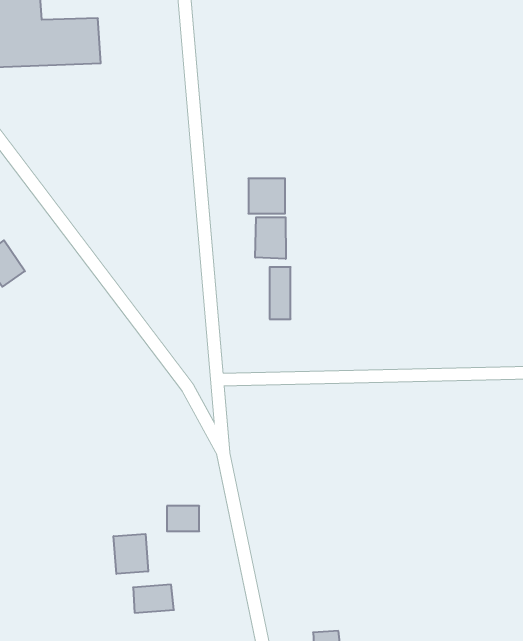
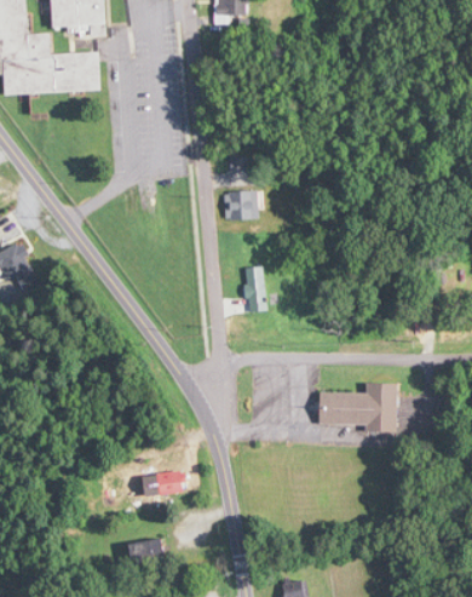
building: [255,217,286,259] -> none
building: none -> [316,383,397,429]
building: [114,534,148,574] -> none

